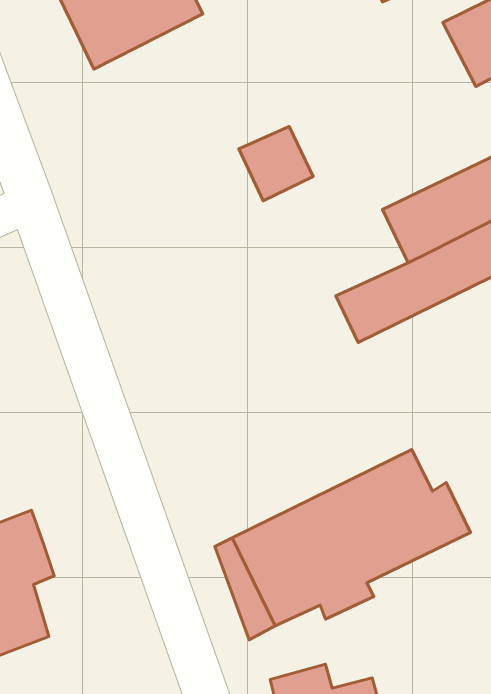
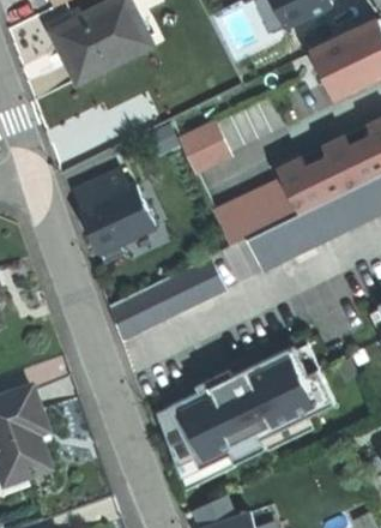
building: none -> [66,168,145,262]
building: none -> [207,179,291,246]
building: none -> [109,258,224,341]

